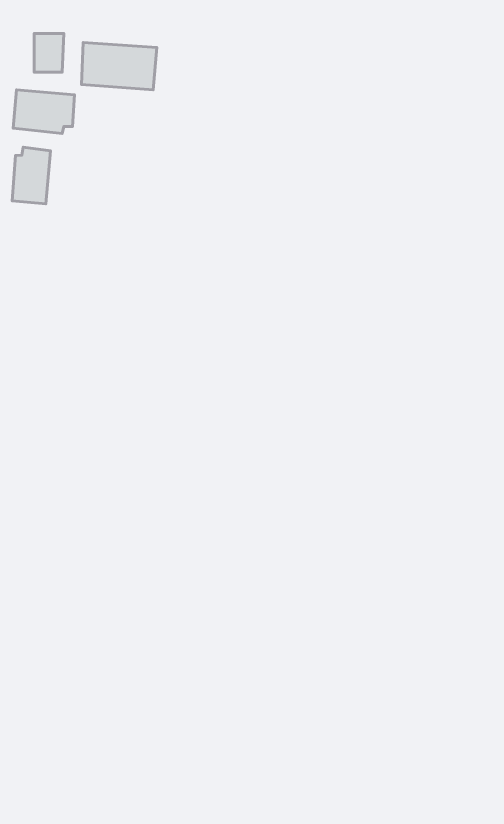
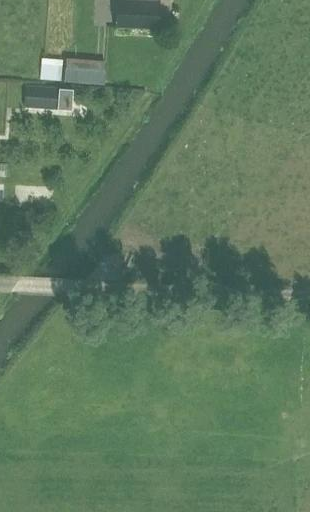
building: [12,147,51,204] -> none

